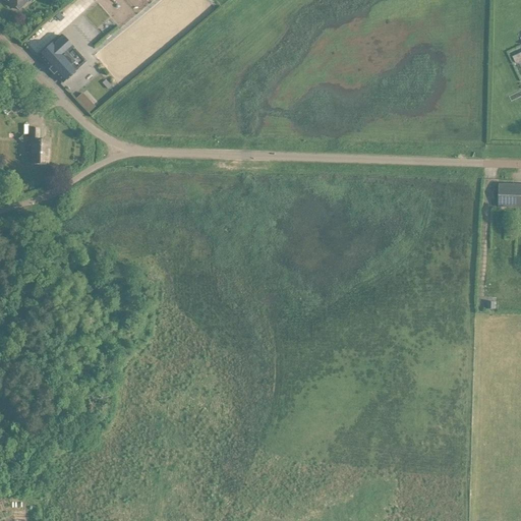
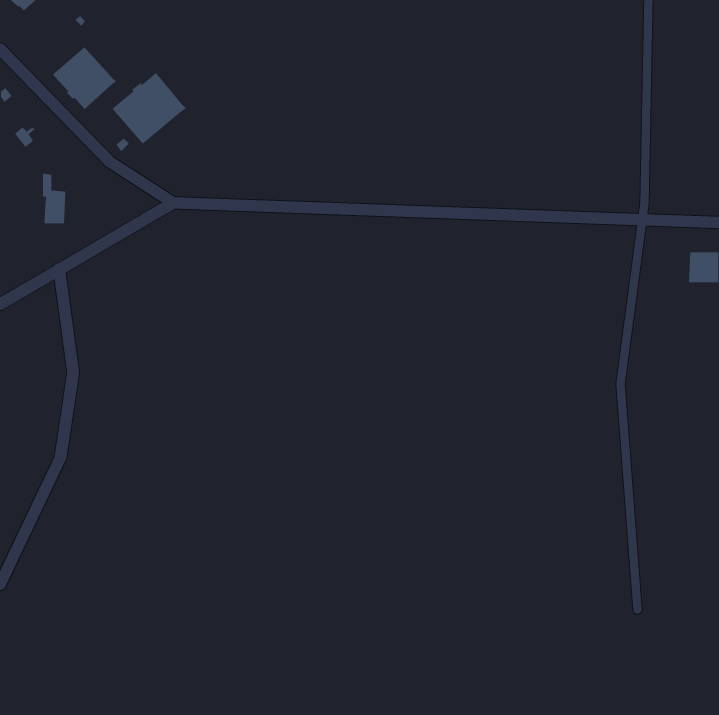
building: none -> [112,72,187,145]

